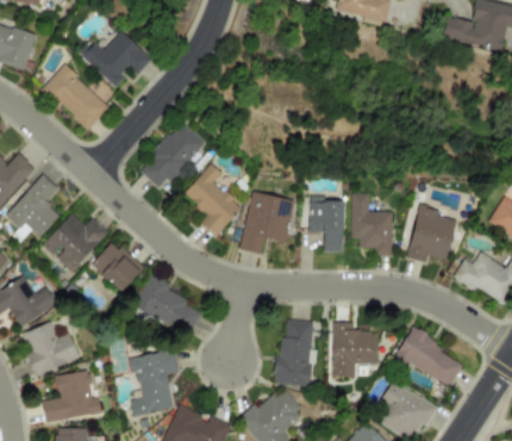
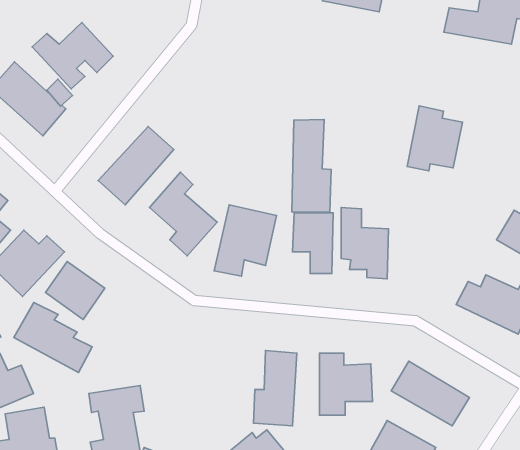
building: none -> [292,120,331,212]
building: [407,205,456,262] -> [407,106,463,171]
building: [132,273,201,335] -> [14,302,92,373]

